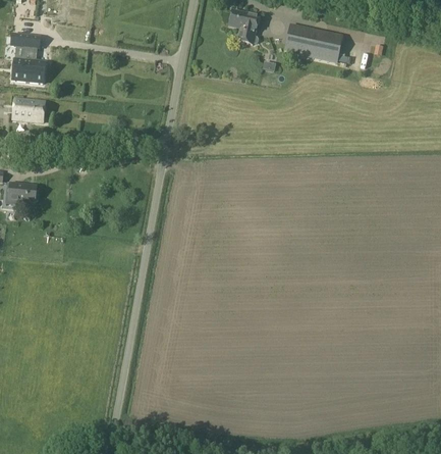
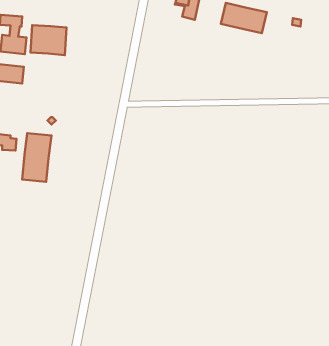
building: none -> [30,25,67,55]
building: none -> [22,133,51,182]

